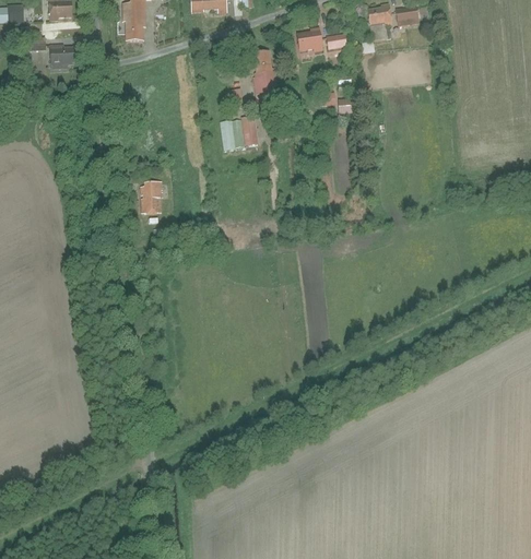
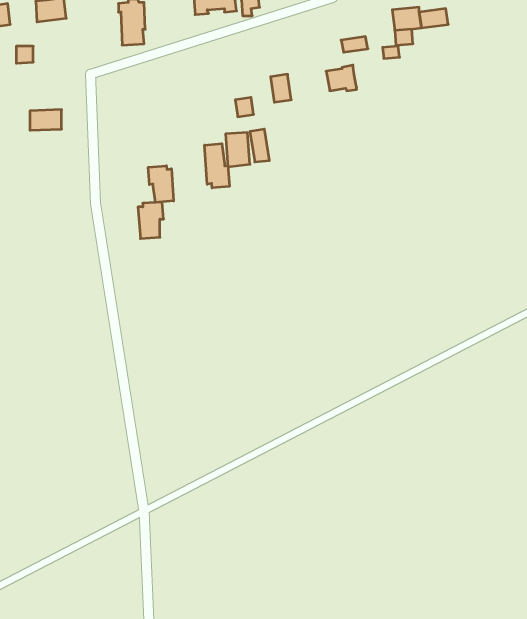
building: [296,27,323,50] -> [326,65,357,91]
building: [49,48,78,67] -> [30,110,62,130]
building: none -> [205,144,229,188]
building: none -> [148,166,174,202]

